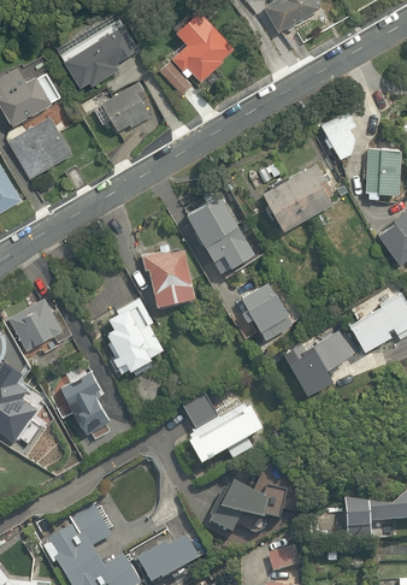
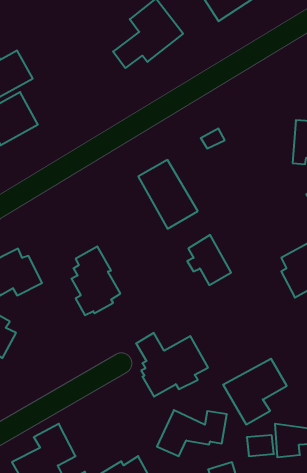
building: [59,18,138,89] -> none
building: [76,81,155,134] -> none
building: [320,112,361,160] -> none
building: [263,165,337,232] -> none
building: [141,241,196,308] -> none
building: [282,323,355,398] -> [223,359,287,424]
building: [60,356,112,437] -> none

